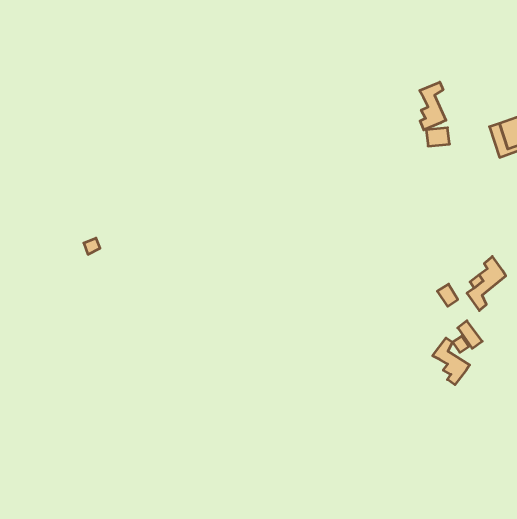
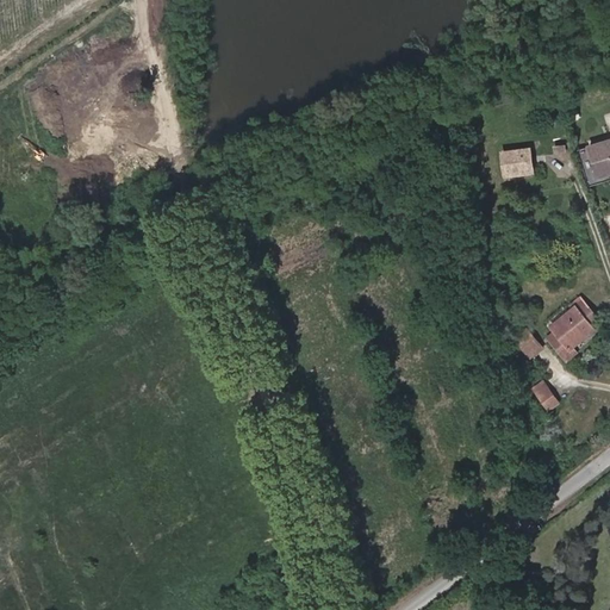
building: [420,82,446,130] -> none
building: [433,338,470,385] -> none

